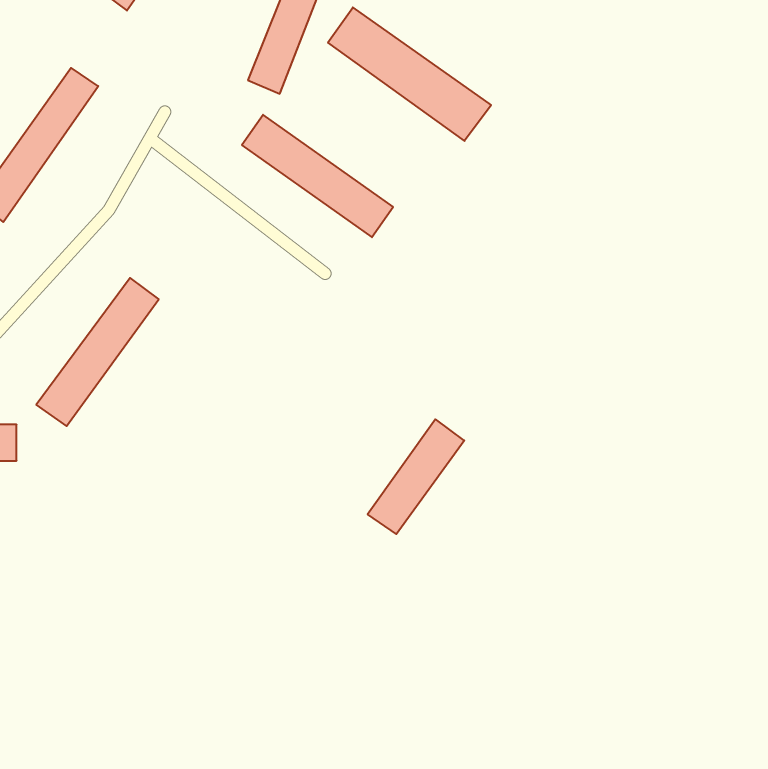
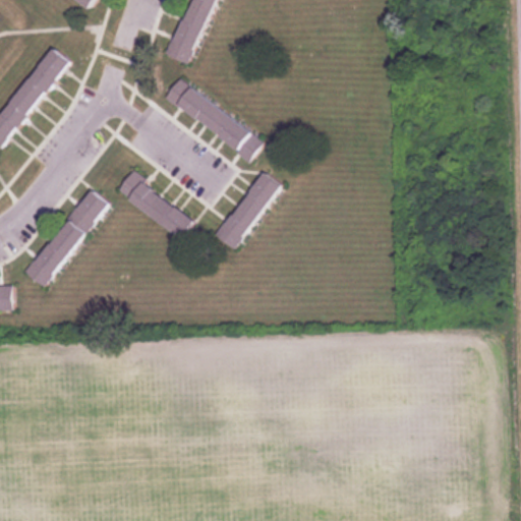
building: [328,7,491,141] -> none
building: none -> [116,172,193,237]
building: [368,419,464,534] -> [215,171,280,248]

